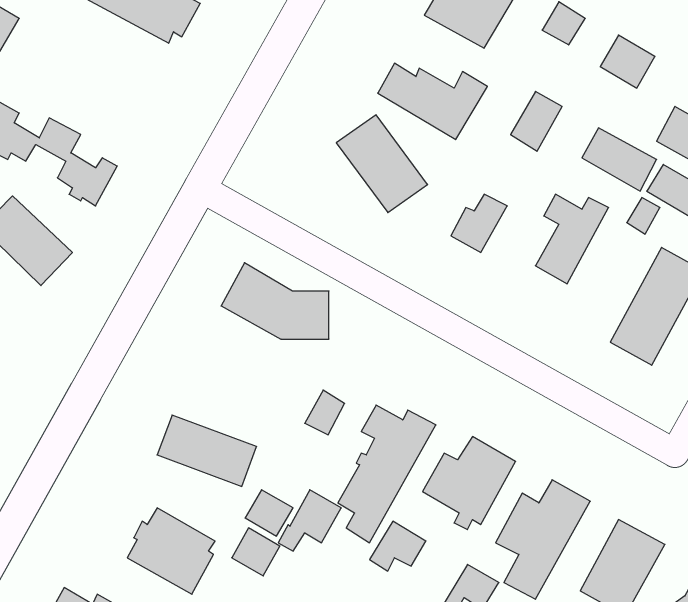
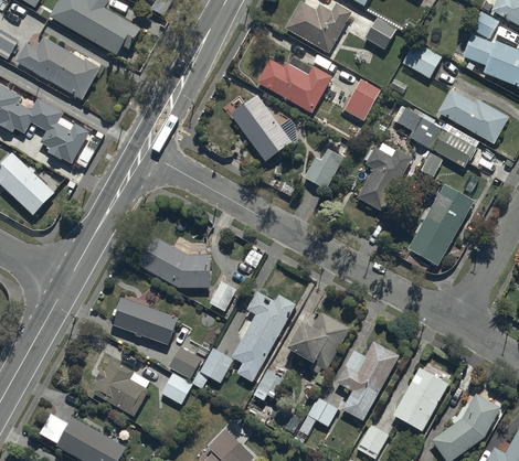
building: none -> [17,34,99,95]
building: [221,263,329,339] -> [138,235,210,286]

